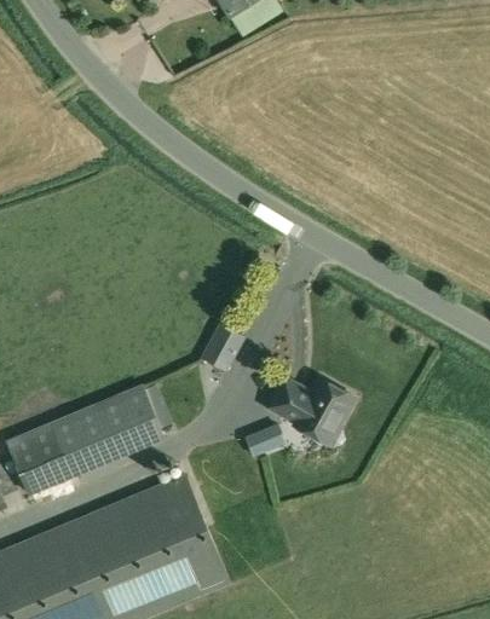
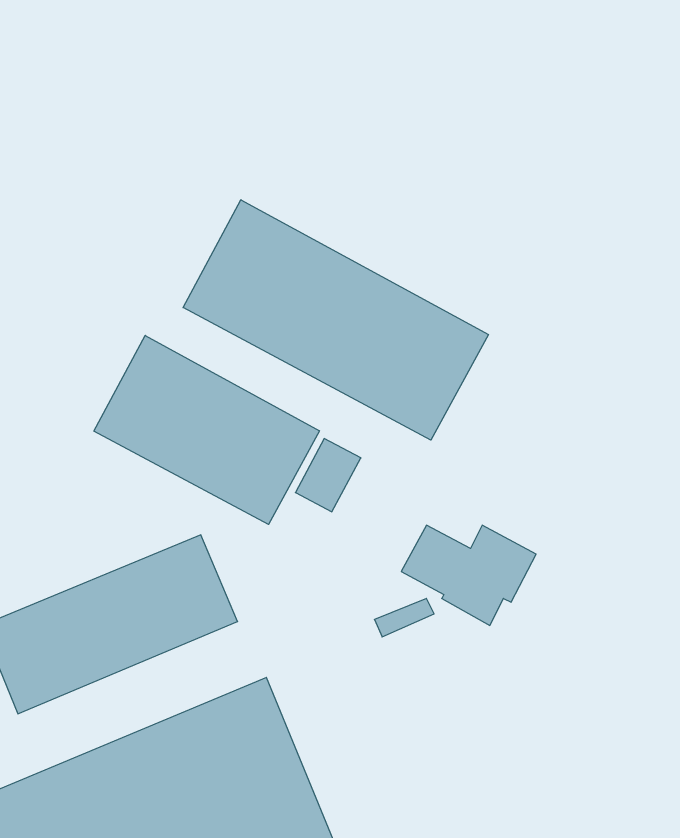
building: none -> [183,200,488,440]
building: none -> [94,335,319,524]

